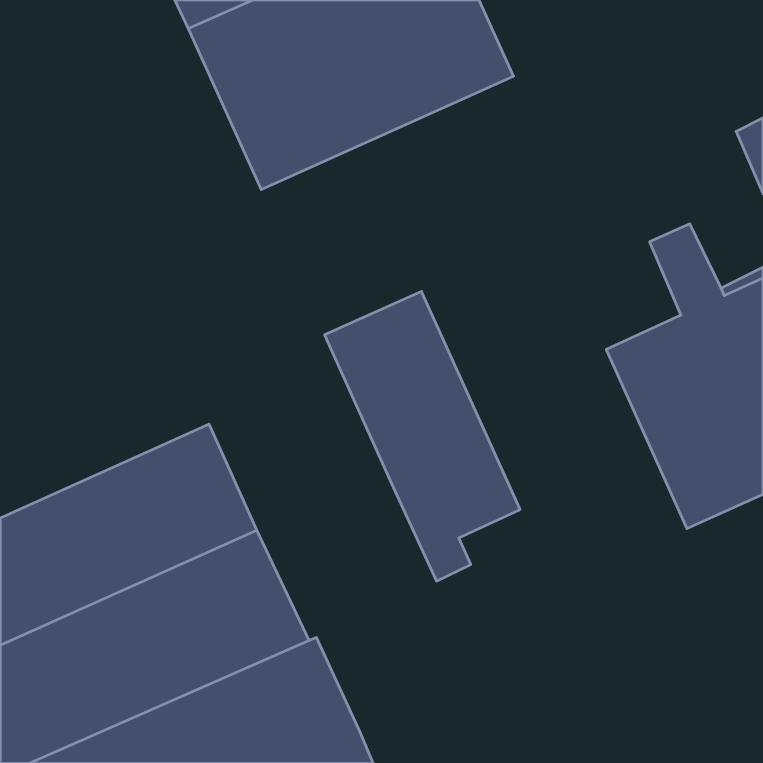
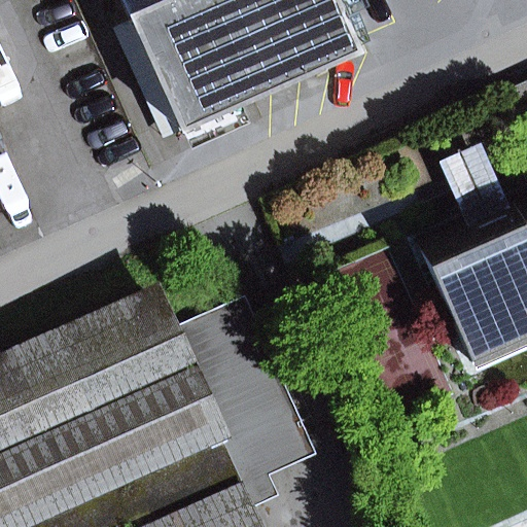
building: [325,291,520,581] -> [171,305,306,504]

